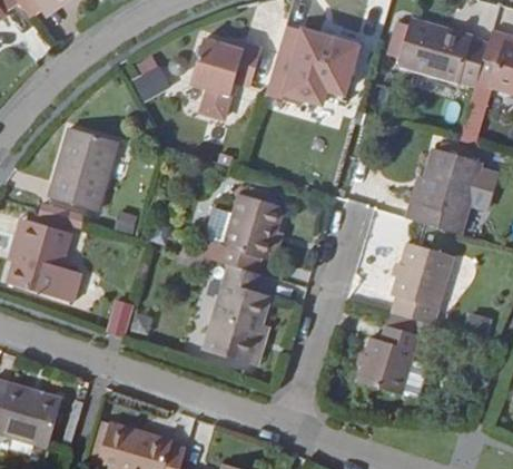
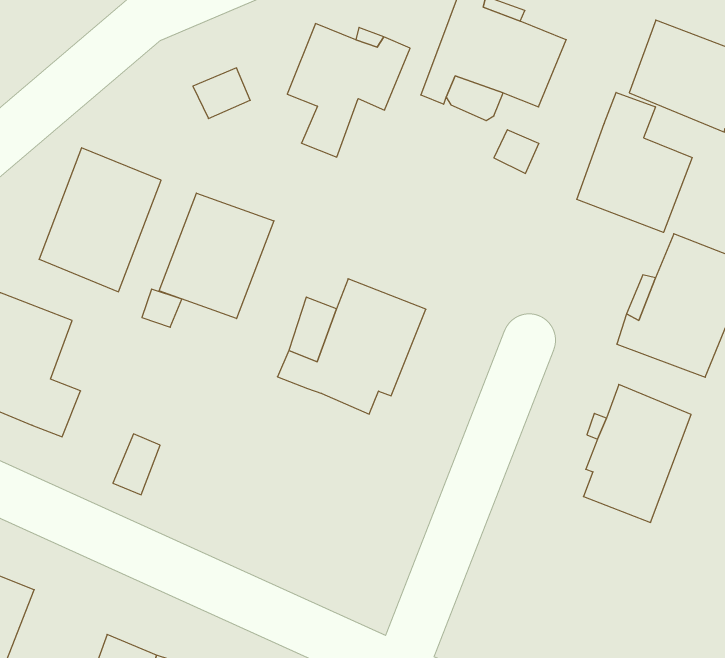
building: none -> [577,92,692,232]
building: none -> [159,193,274,319]
building: [201,264,269,364] -> none
building: [356,312,446,400] -> none

